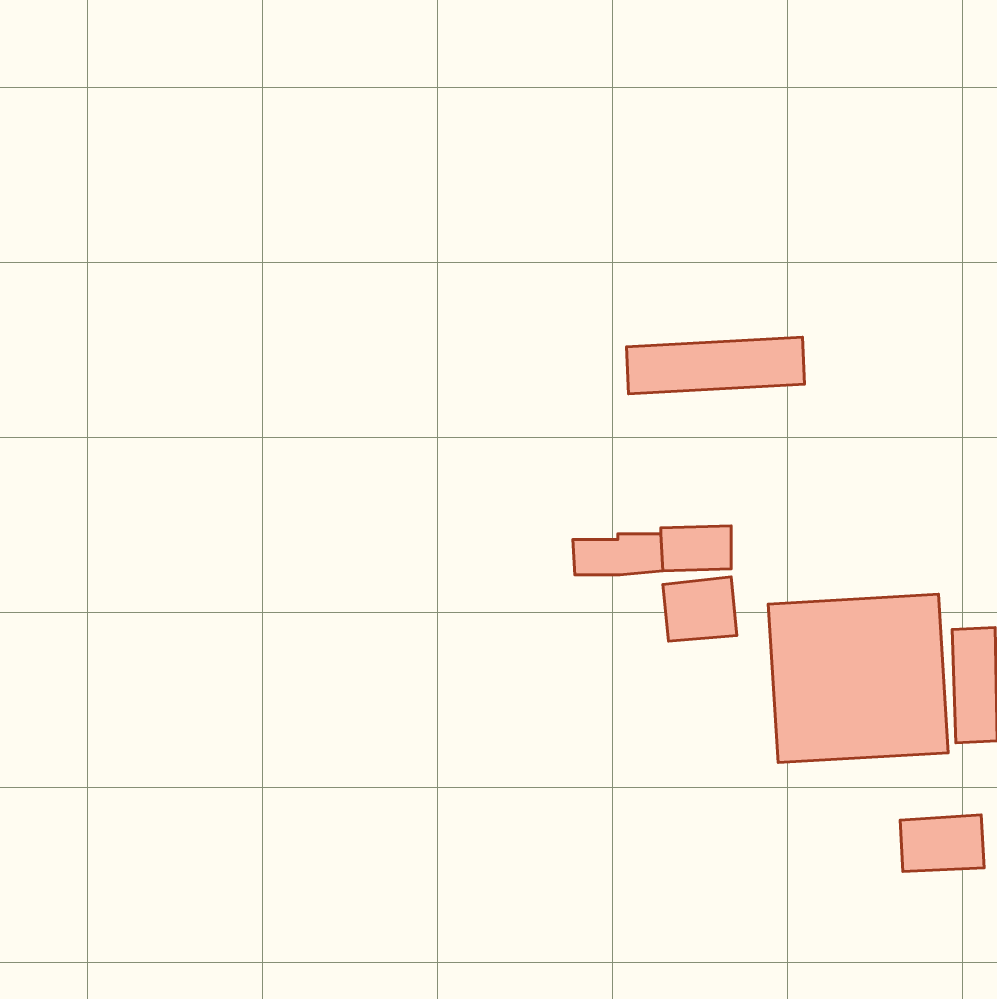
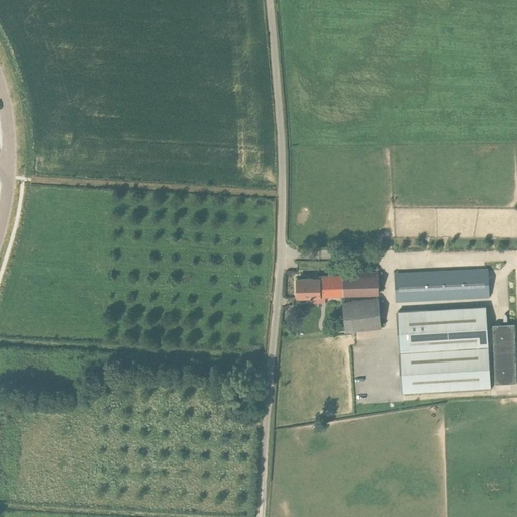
building: [627,337,804,394] -> [395,271,487,300]
building: [900,815,984,872] -> none

